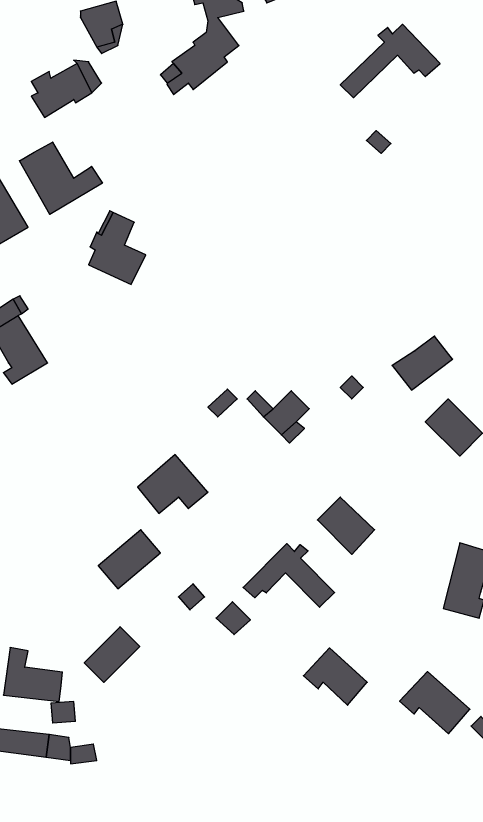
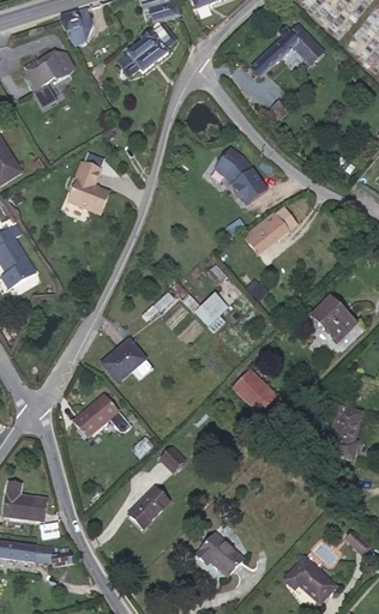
building: [19,142,102,214] -> none
building: none -> [215,148,265,204]
building: [392,336,453,390] -> [243,213,288,253]
building: [243,544,335,607] -> none
building: [84,627,140,682] -> [128,487,169,528]
building: [303,648,367,705] -> [195,534,242,576]
building: [400,672,470,734] -> [284,558,336,603]

